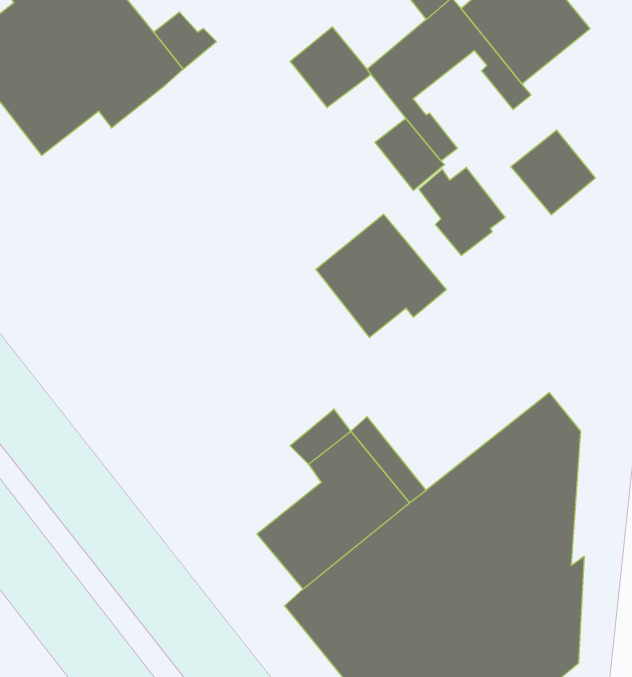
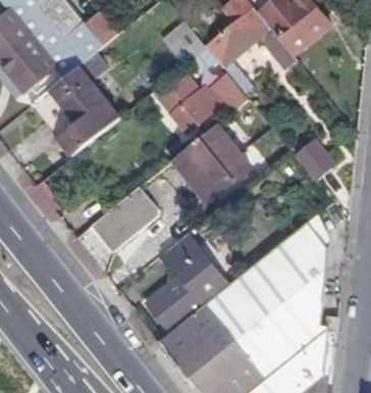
building: none -> [30,54,118,157]
building: [511,130,595,215] -> [294,136,340,183]
building: [419,167,505,256] -> [162,84,210,133]
building: none -> [91,188,160,253]

